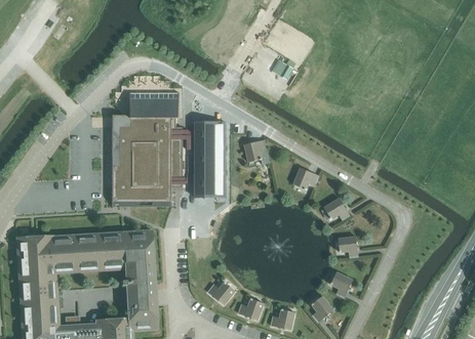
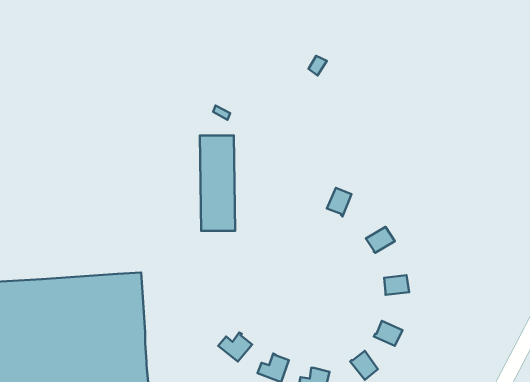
building: [110,90,182,206] -> none
building: [243,138,269,165] -> none

